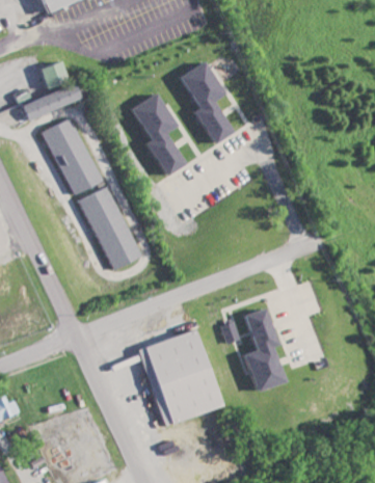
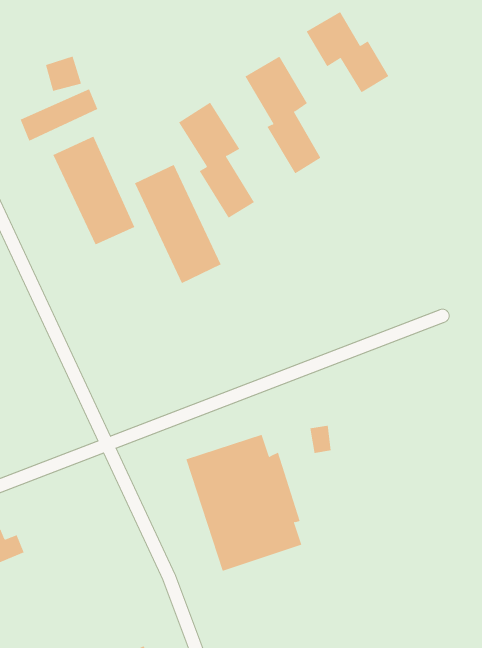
building: none -> [306,11,389,93]
building: [80,187,141,271] -> [134,164,221,284]
building: [242,306,282,390] -> none

